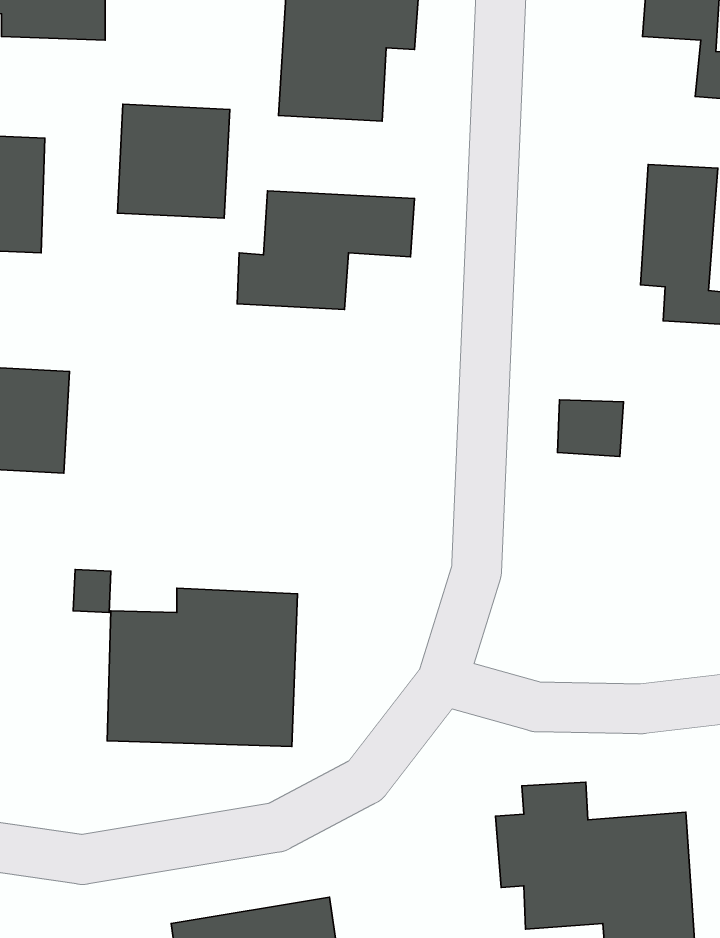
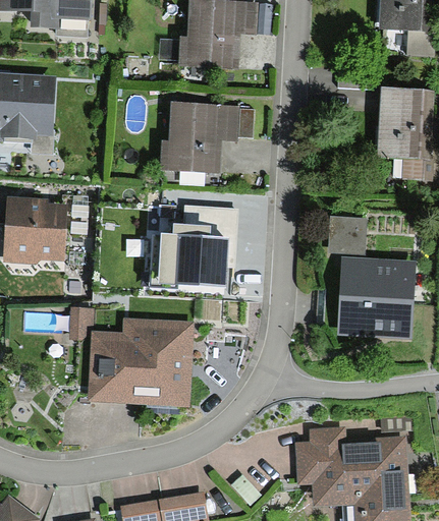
building: [117,104,230,218] -> none
building: none -> [154,205,240,282]
building: none -> [335,258,413,338]

